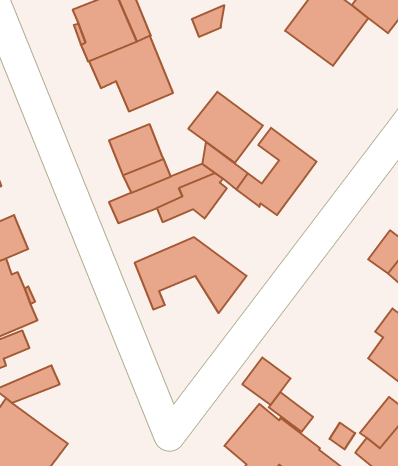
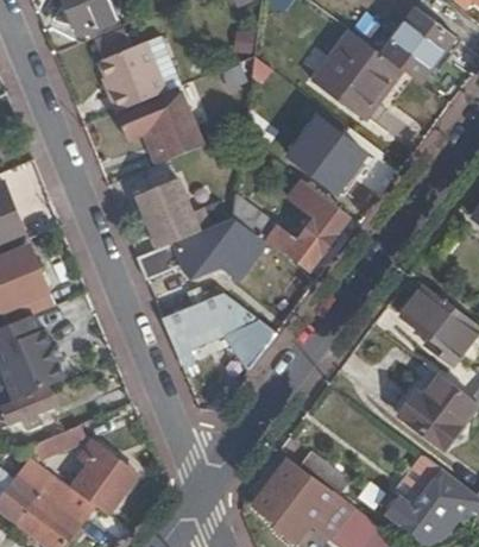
building: [188,92,263,163] -> [289,118,365,190]
building: [242,357,291,405] -> none
building: none -> [75,440,137,513]

